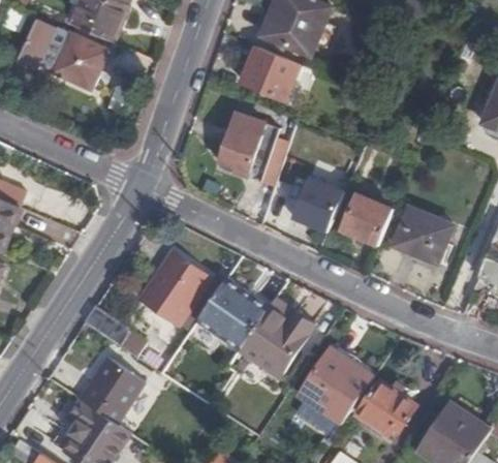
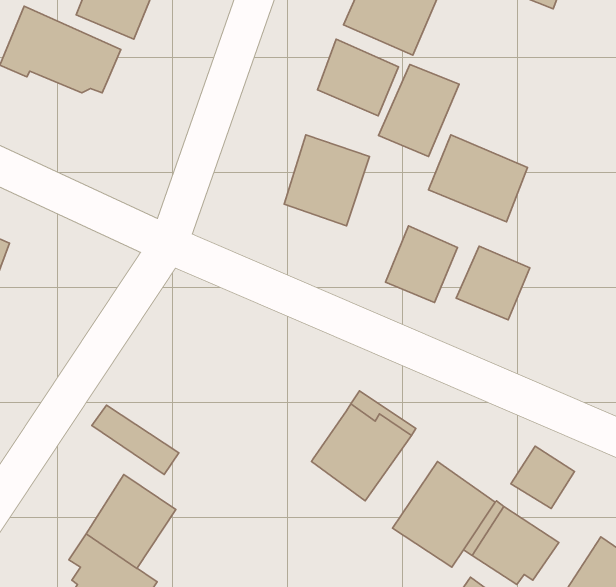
building: none -> [378,65,459,156]
building: none -> [429,135,527,222]
building: [392,208,453,267] -> none
building: [138,251,209,326] -> none
building: [198,281,264,345] -> none
building: none -> [511,446,574,508]

